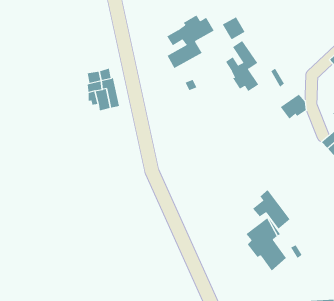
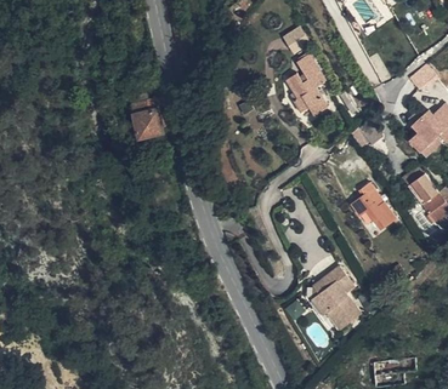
building: [167,14,215,69] -> none
building: [252,189,290,229] -> [351,182,396,229]

